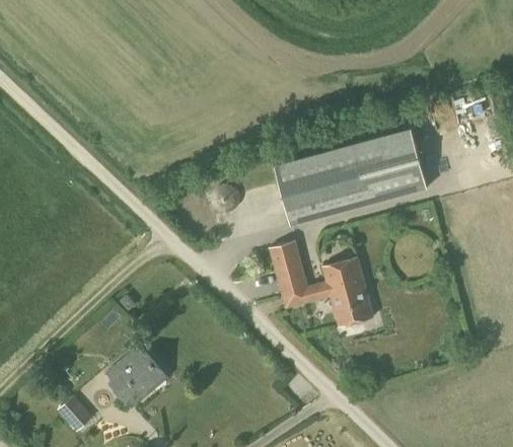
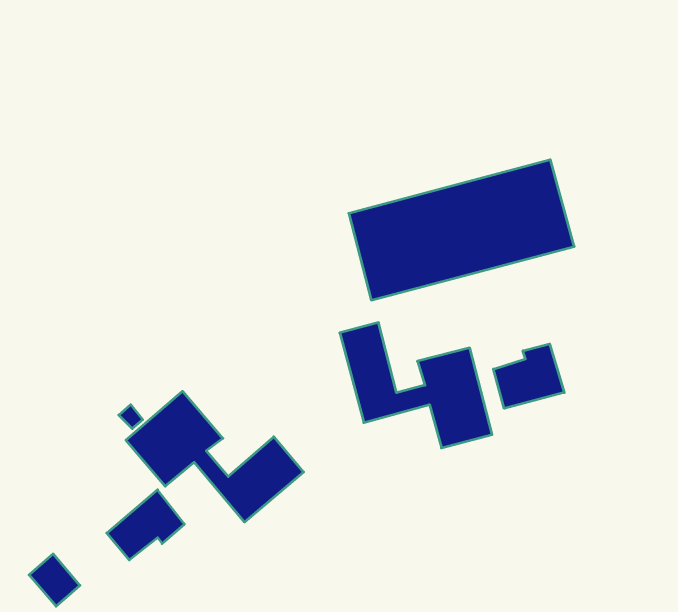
building: none -> [493,344,564,408]
building: none -> [126,391,304,522]

